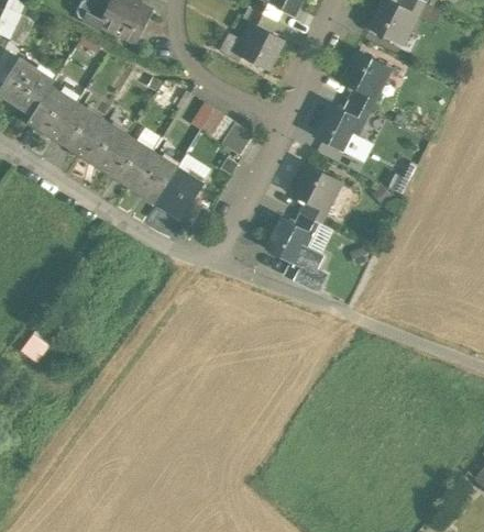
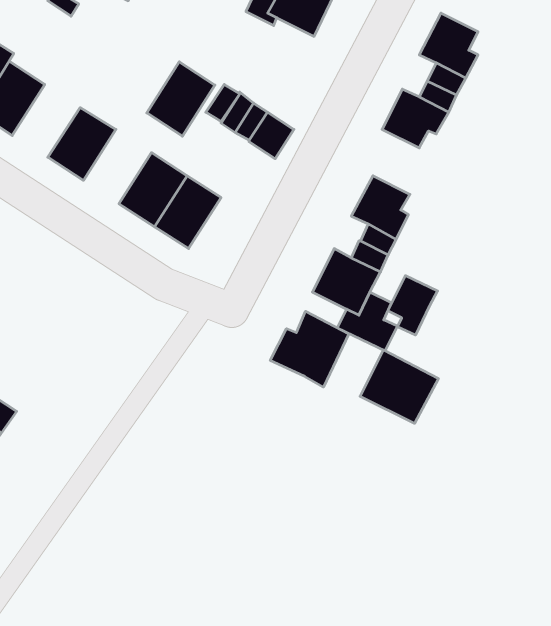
building: [54,102,102,154] -> none
building: [104,134,153,187] -> [147,62,215,136]
building: none -> [388,276,438,335]
building: none -> [270,311,349,387]
building: none -> [360,350,438,423]

